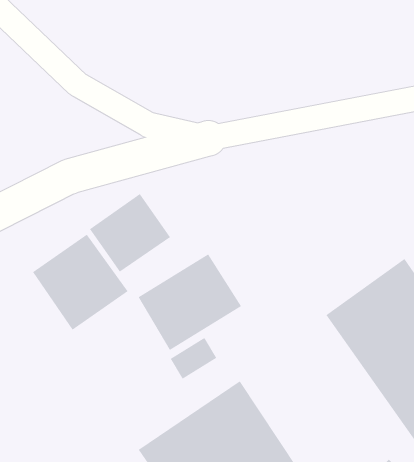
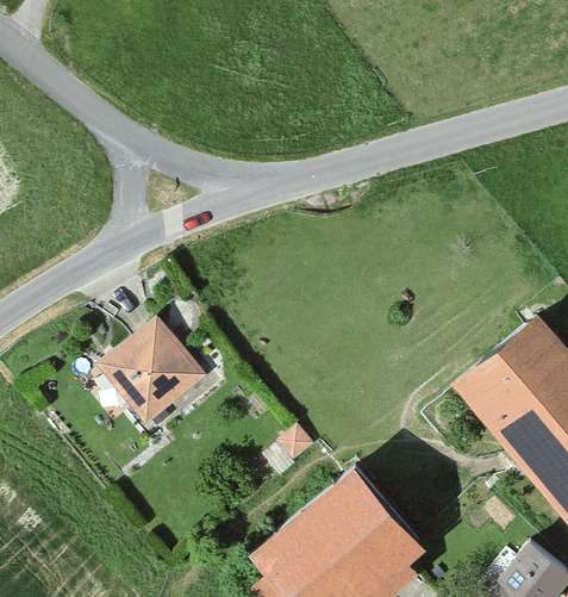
building: [89,193,171,272] -> none
building: [138,253,242,351] -> none

